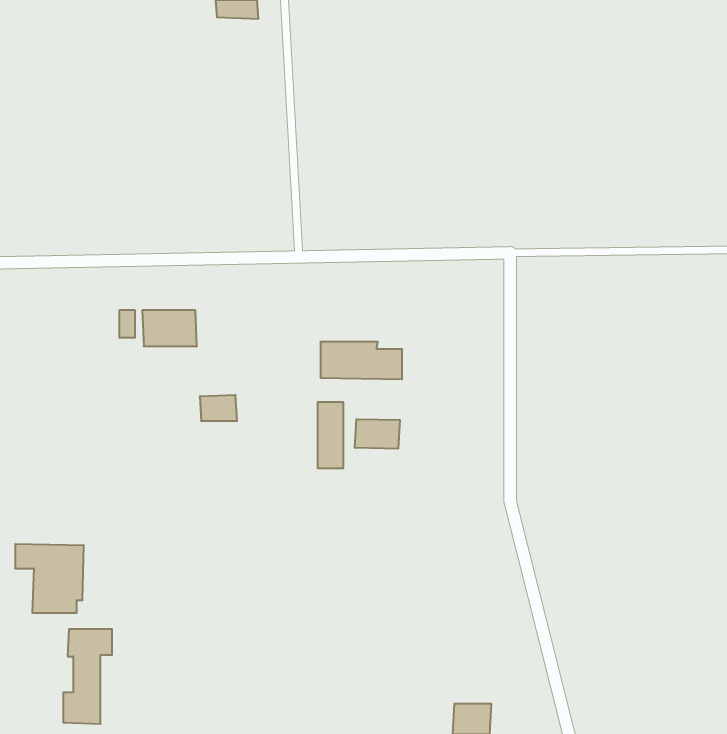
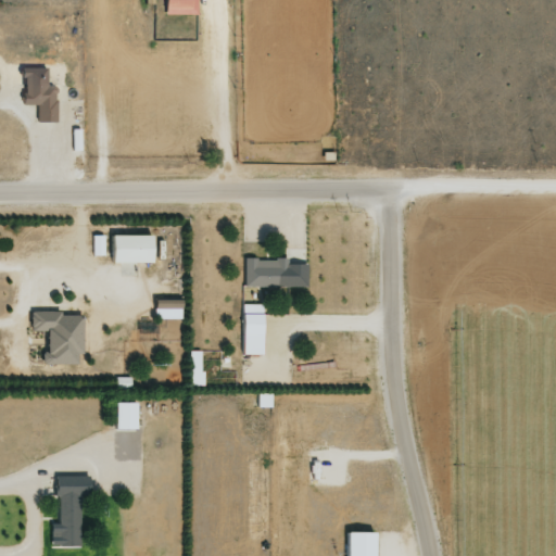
building: none -> [25,66,59,122]
building: [355,419,400,449] -> none
building: none -> [117,402,139,429]
building: [15,544,84,613] -> [34,312,86,364]

